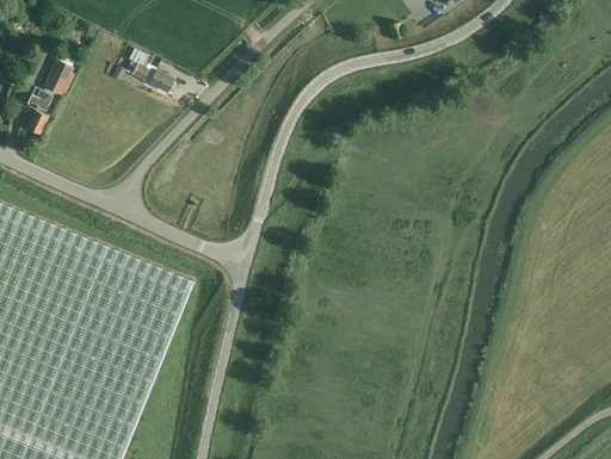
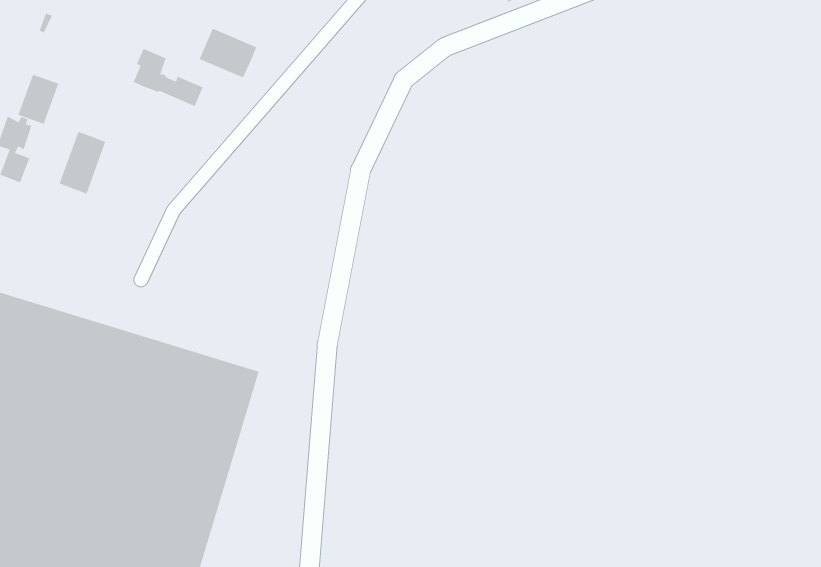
building: none -> [199,28,257,78]
building: none -> [59,131,106,194]

